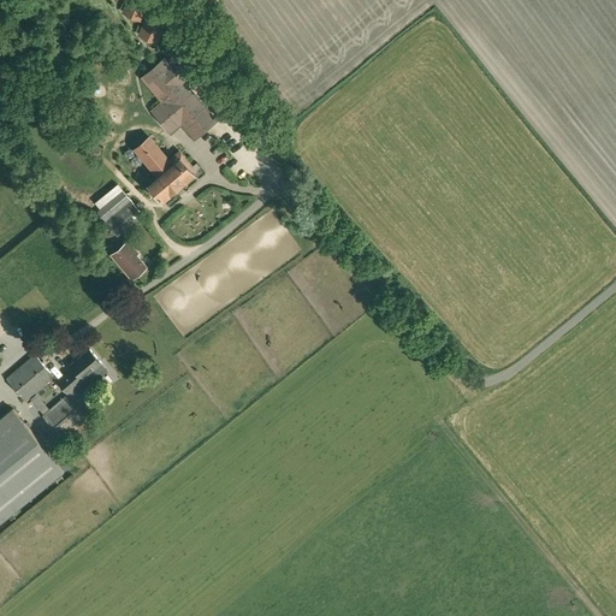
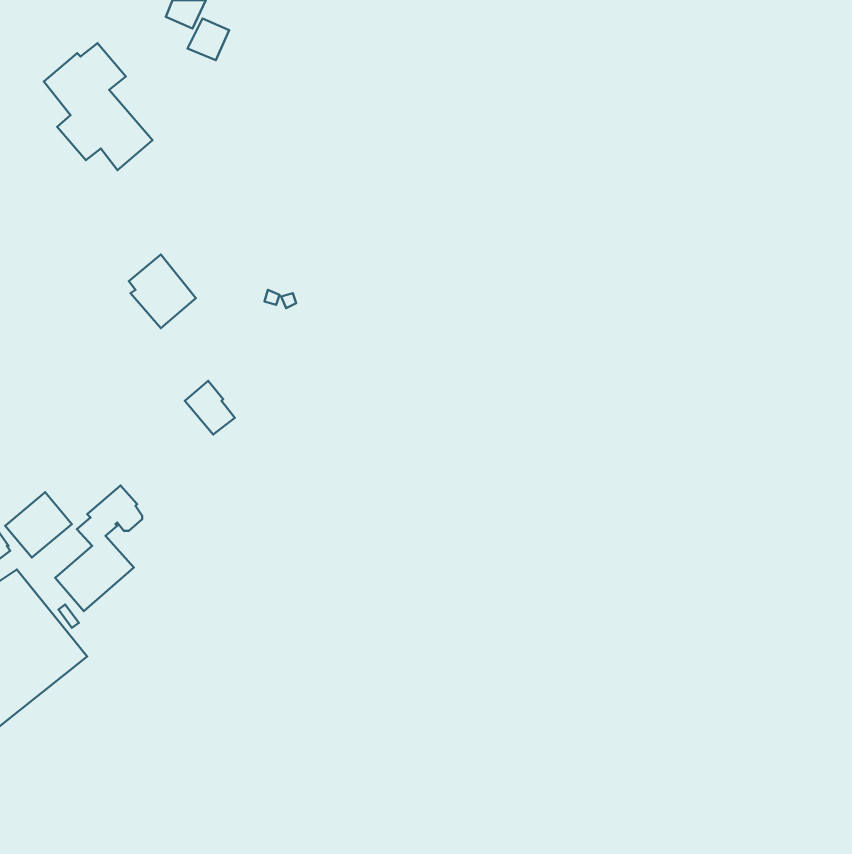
building: [138,51,217,142] -> [44,43,153,170]
building: [132,137,191,201] -> none
building: [108,241,144,279] -> [185,381,235,434]

